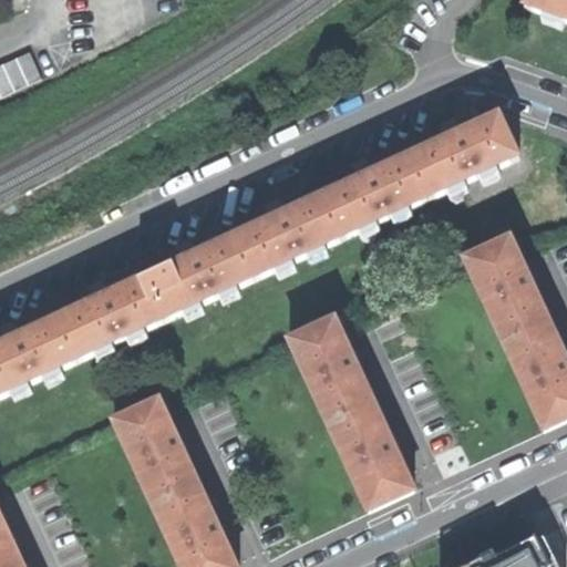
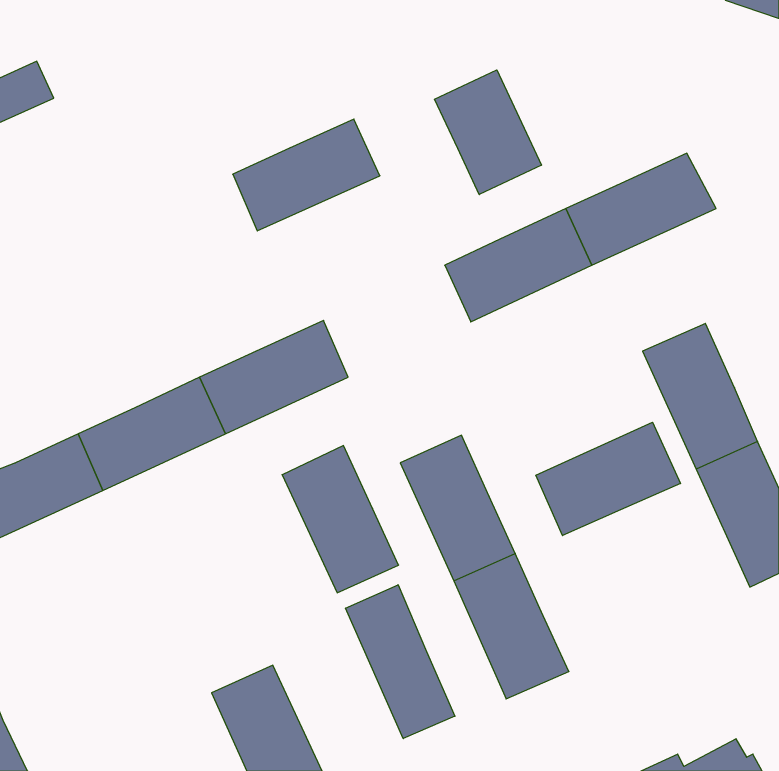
building: none -> [435,70,541,195]
building: [234,192,340,272] -> [233,119,380,231]
building: none -> [536,422,680,536]
building: [113,394,197,501] -> [282,446,399,593]
building: none -> [346,585,455,739]

